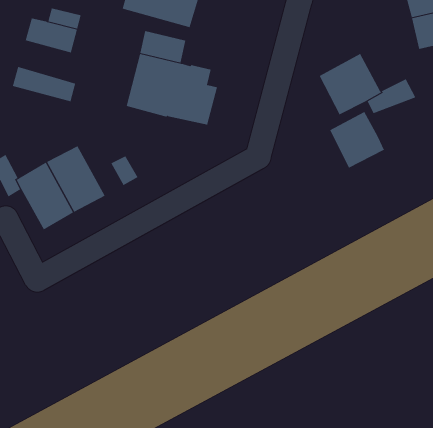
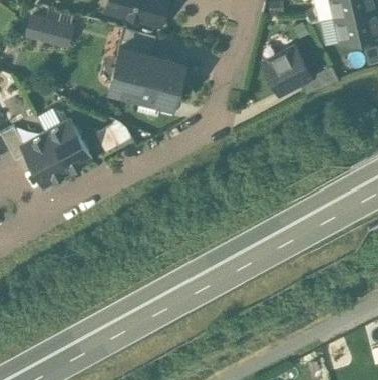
building: [12,66,76,102] -> none
building: [330,111,385,169] -> none

